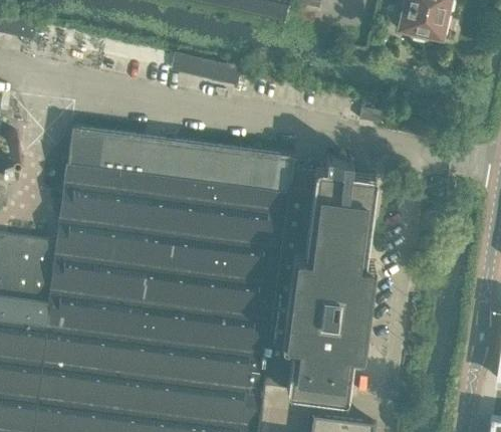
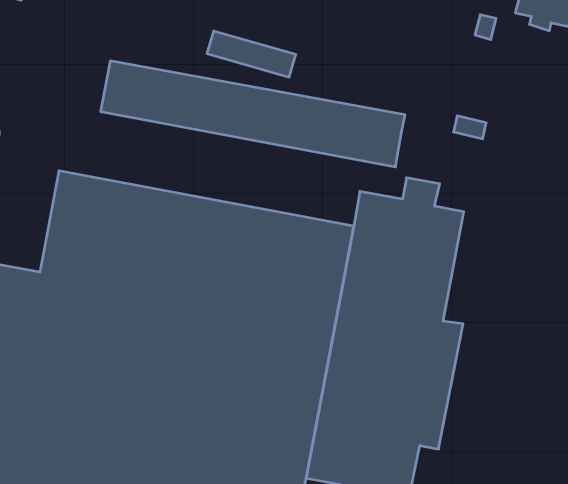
building: [68,127,295,194] -> [101,61,405,167]

